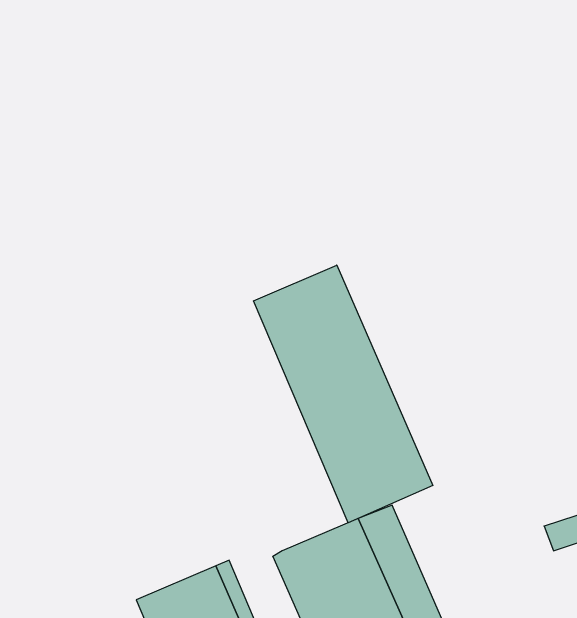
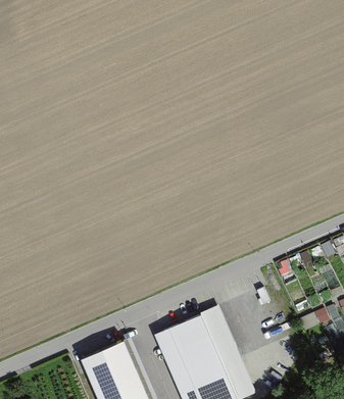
building: [254,265,433,523] -> none

